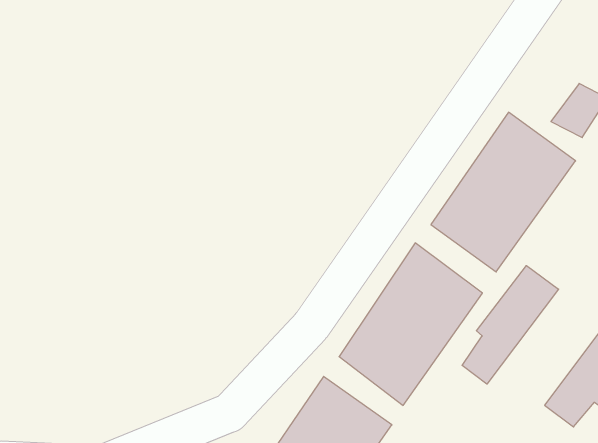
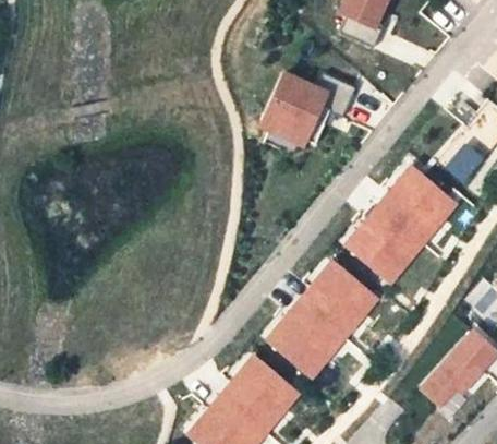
building: none -> [259,71,355,153]
building: [462,266,559,384] -> none

